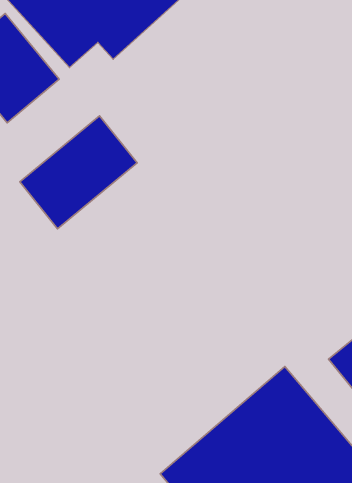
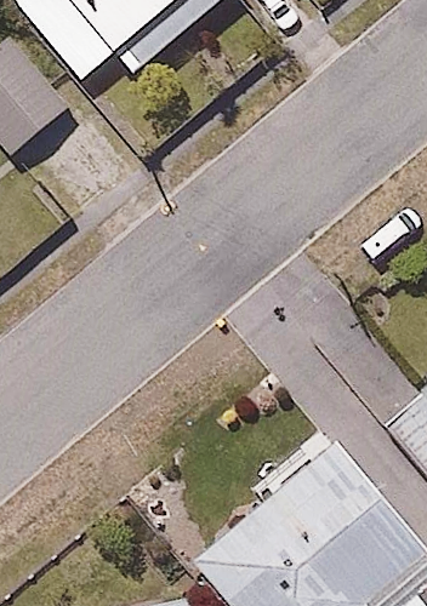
building: [20,116,137,229] -> none

